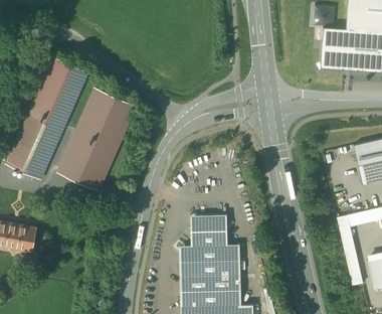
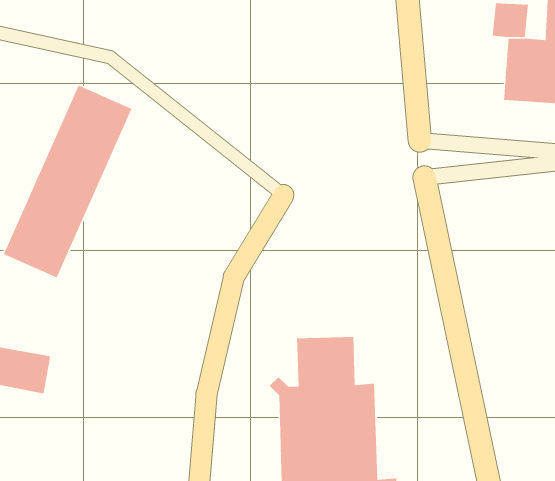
building: [56,89,136,190] -> none

